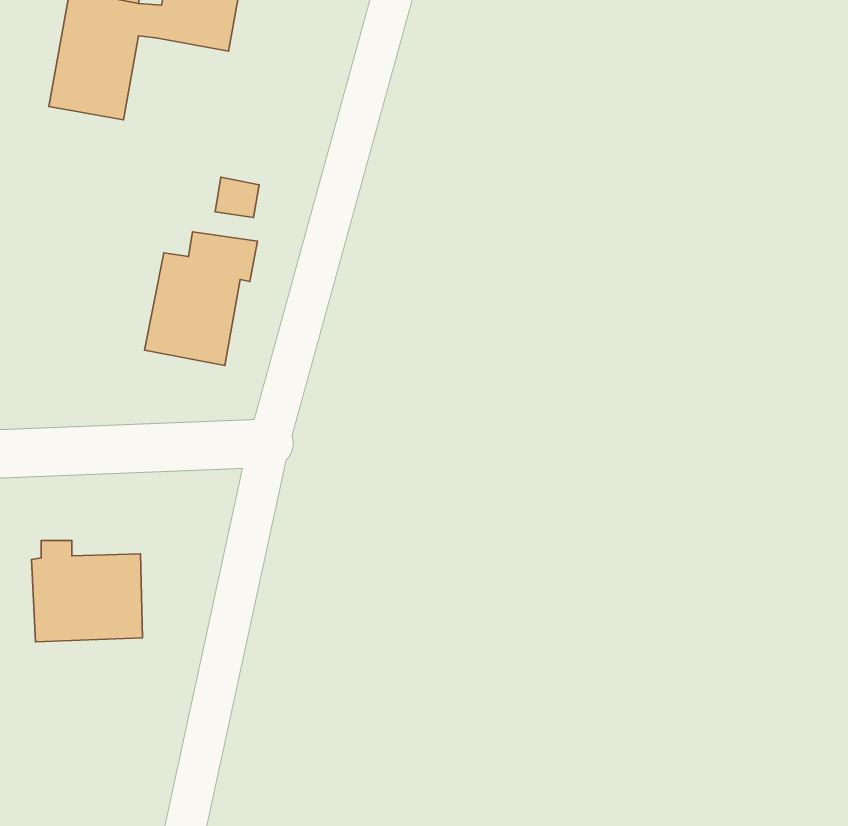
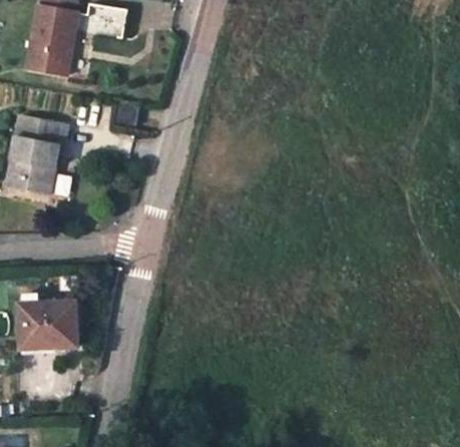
building: [145,232,257,366] -> [6,124,65,194]

